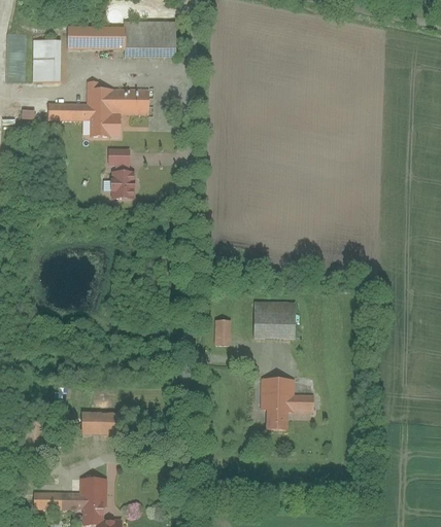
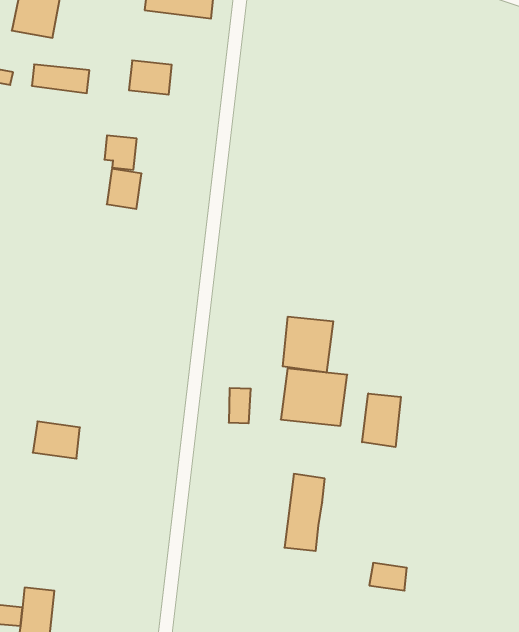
building: [90,87,121,137] -> none
building: none -> [283,317,333,373]
building: none -> [362,393,401,447]
building: [289,395,314,413] -> [369,563,407,591]
building: [80,411,112,434] -> [33,421,80,459]

